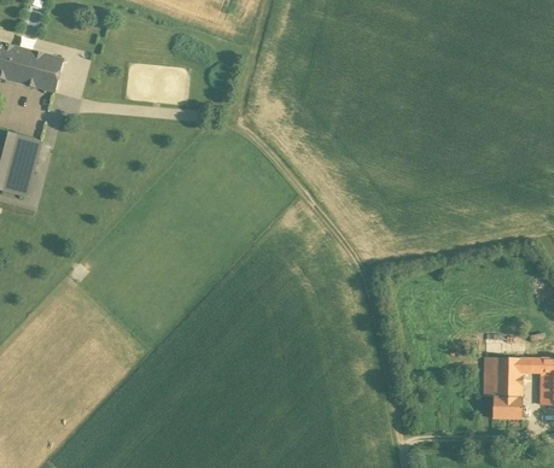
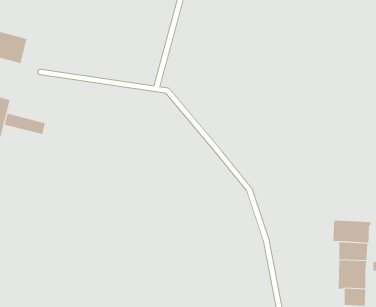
building: none -> [4,113,46,135]
building: none -> [333,220,371,244]

